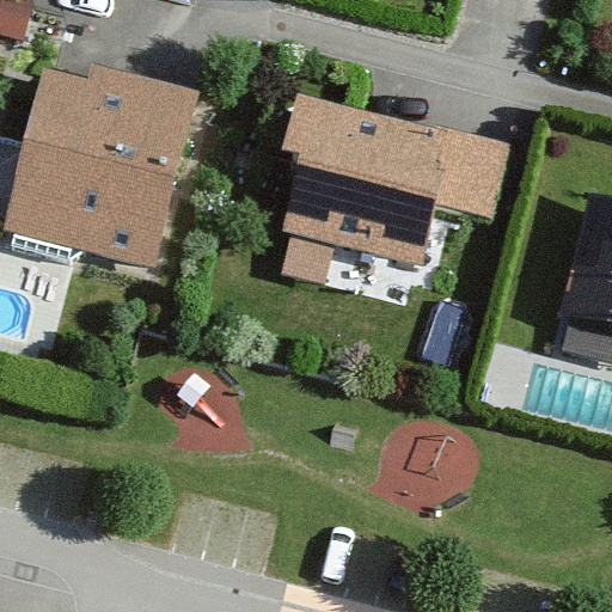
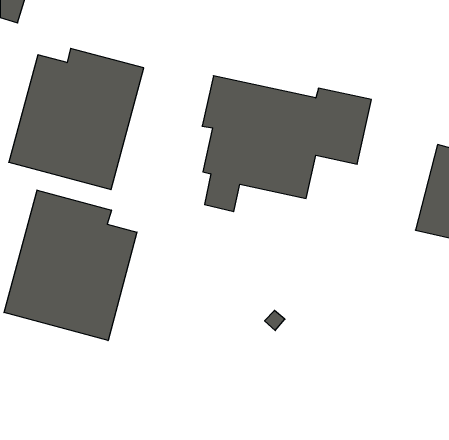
building: none -> [4,190,137,341]

